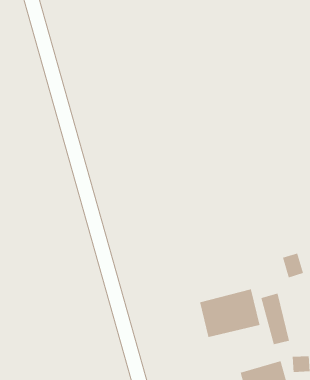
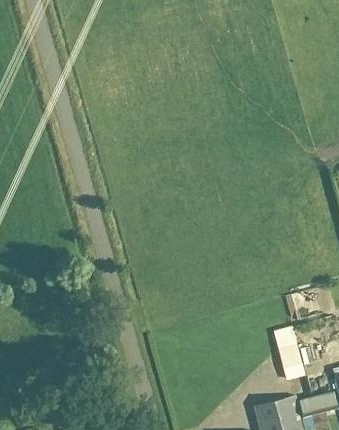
building: [200,289,260,338] -> none

